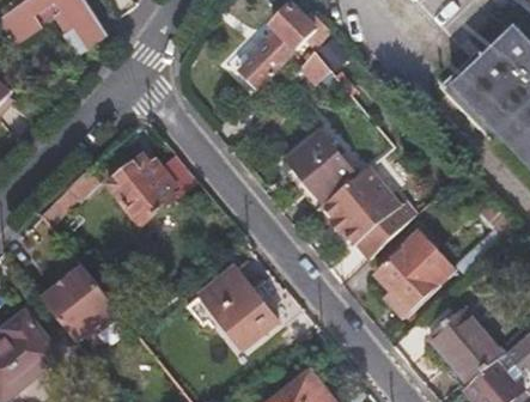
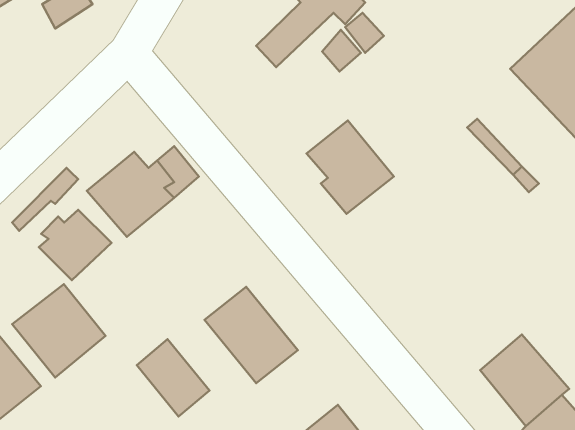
building: [318,170,412,262] -> none
building: none -> [39,210,111,280]
building: [371,232,453,323] -> none
building: none -> [137,339,209,416]

